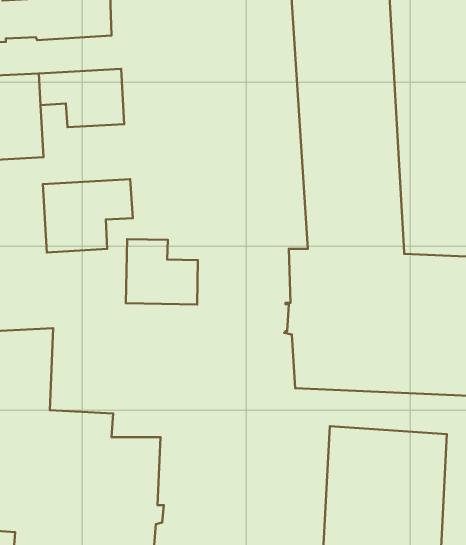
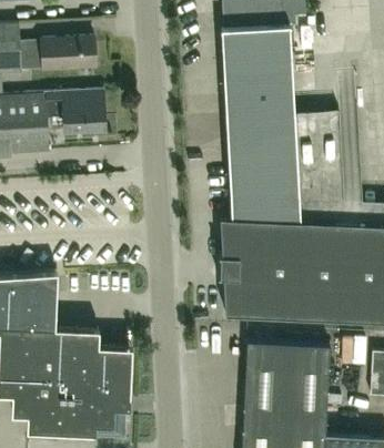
building: [43,179,133,252] -> none
building: [126,239,198,305] -> none

